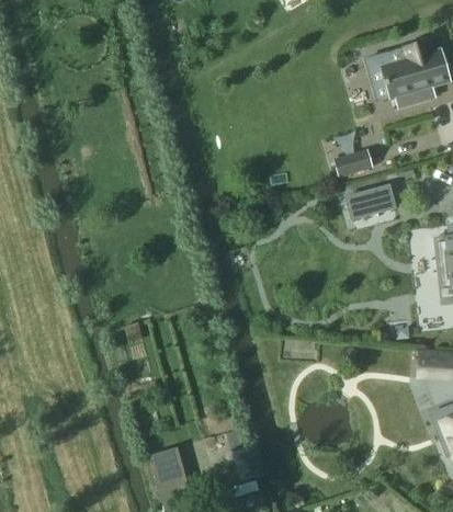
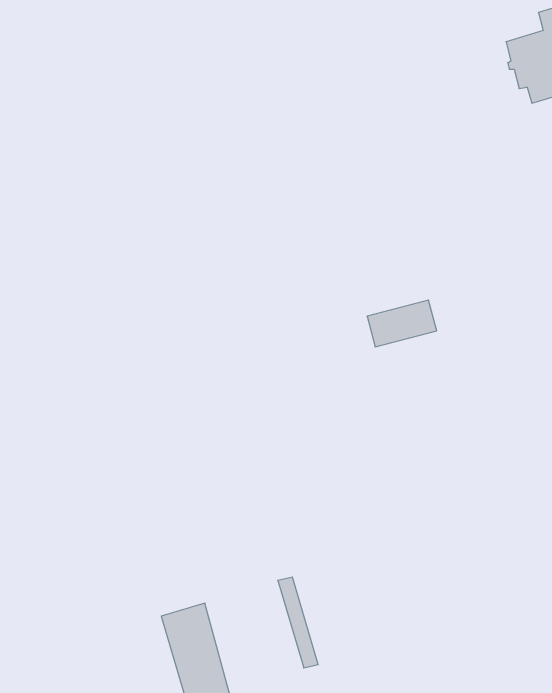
building: [333,149,371,175] -> none
building: [346,185,393,217] -> [367,300,437,347]

